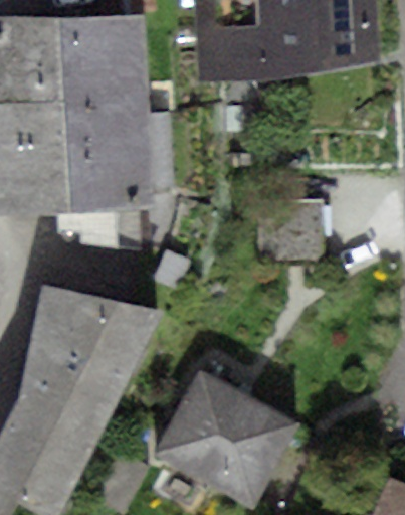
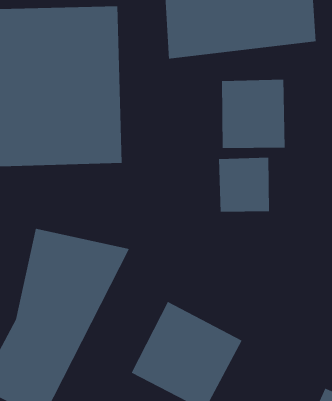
building: none -> [221,79,285,149]

